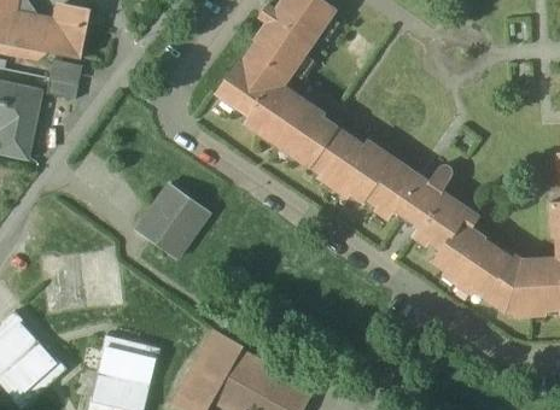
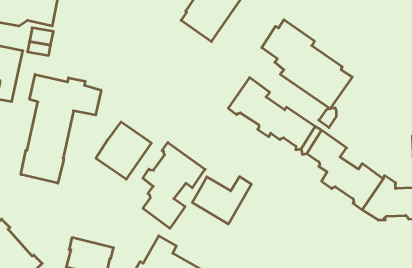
building: [220,51,338,166] -> [262,20,352,109]
building: none -> [21,74,101,183]
building: none -> [143,142,205,228]
building: none -> [192,177,251,224]

